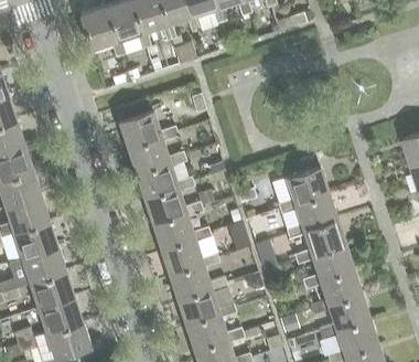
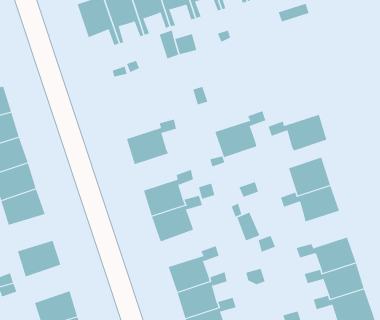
building: [118,110,160,147] -> none
building: [135,151,185,198] -> [215,111,266,158]
building: [286,217,344,254] -> [268,114,327,151]
building: [11,221,55,257] -> none
building: [160,227,210,273] -> none
building: [28,270,72,308] -> none

